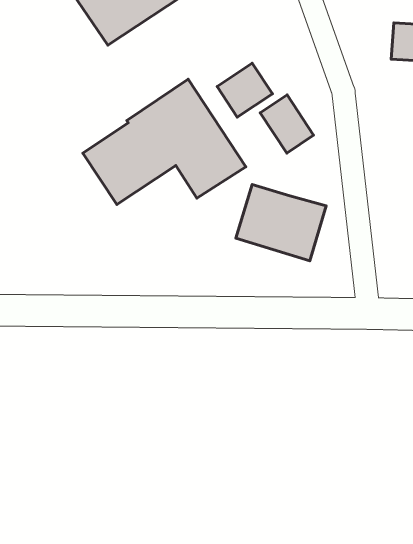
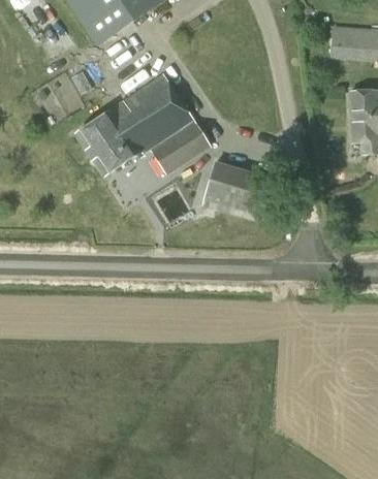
building: [217,63,272,117] -> none
building: [260,95,314,153] -> none

